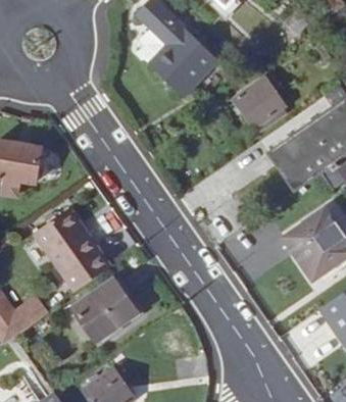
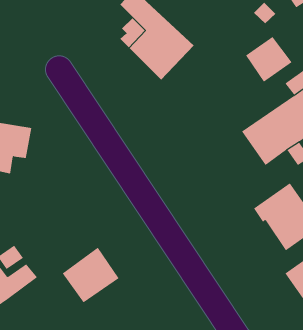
building: [238,79,290,130] -> [245,36,292,82]
building: [34,210,111,293] -> none

